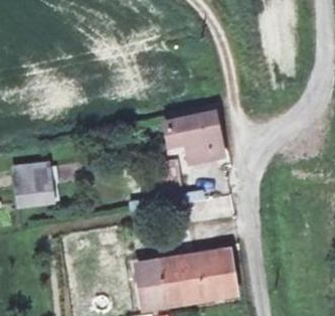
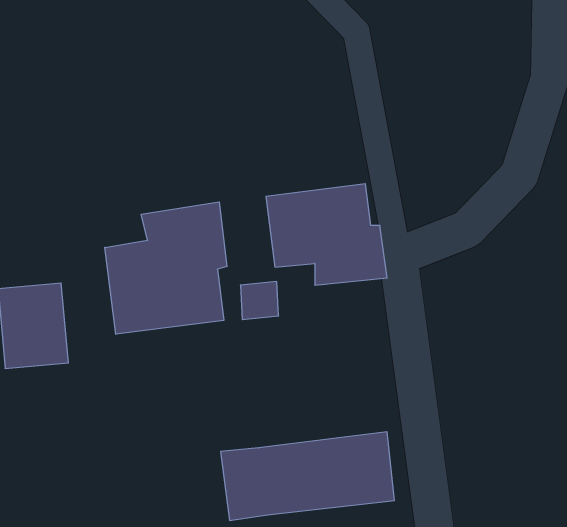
building: none -> [105,202,227,334]

